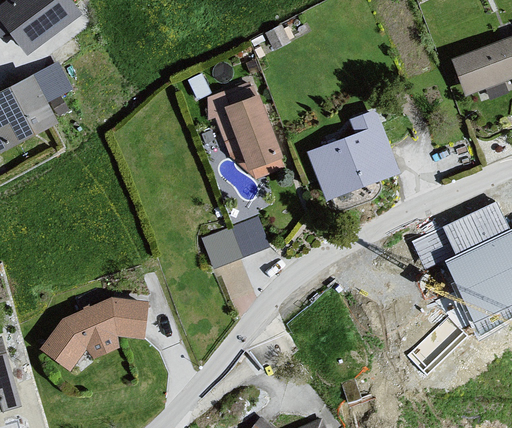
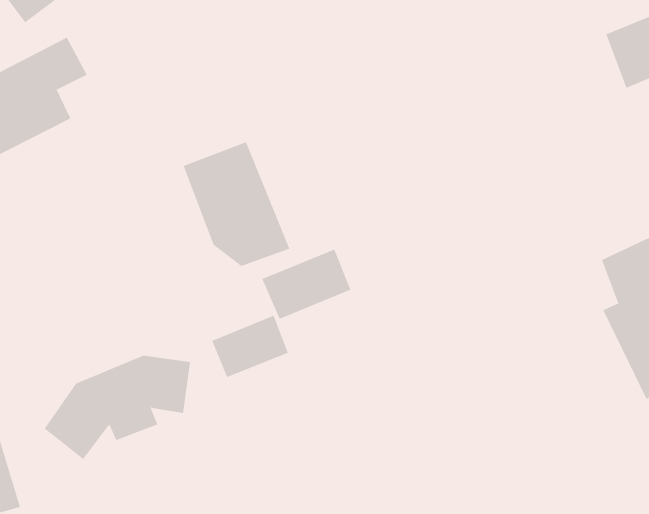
building: [205,81,284,173] -> [183,141,290,267]
building: [308,106,399,197] -> none
building: none -> [211,315,289,378]

